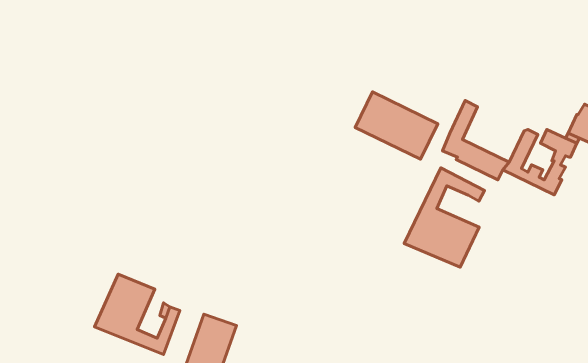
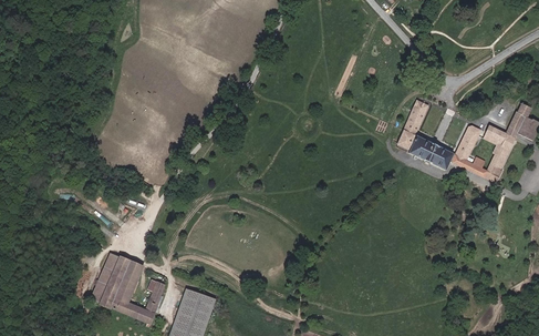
building: [355,92,438,159] -> none
building: [404,168,484,267] -> none

